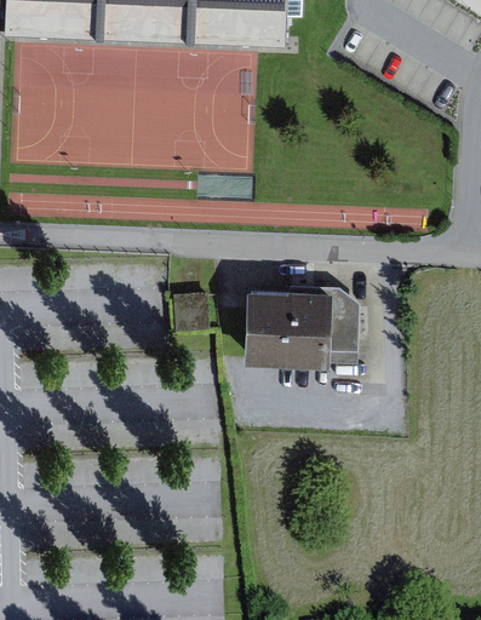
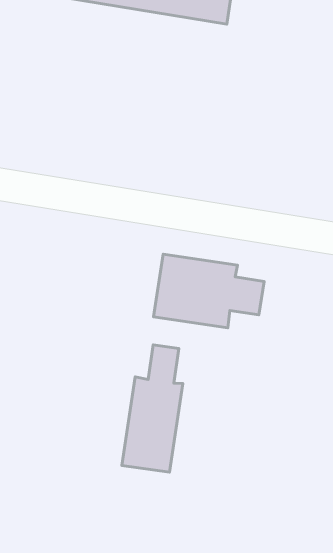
building: none -> [122,345,183,472]

